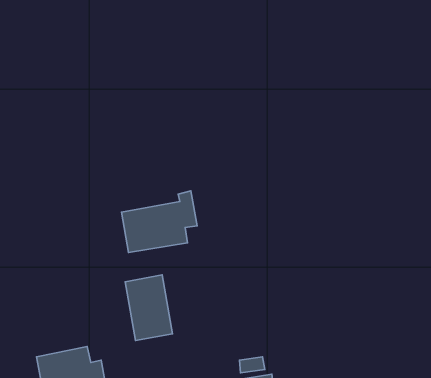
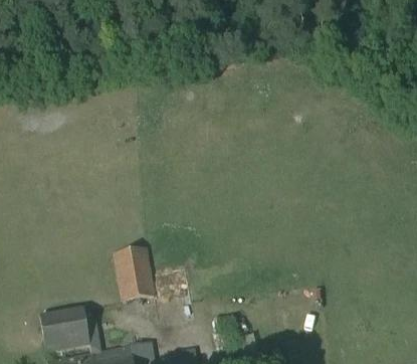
building: [121,191,197,253] -> none

